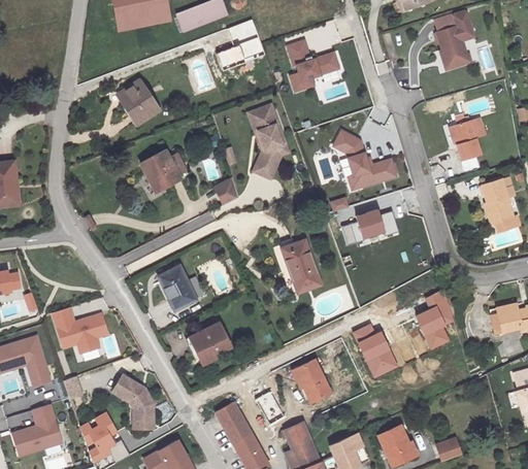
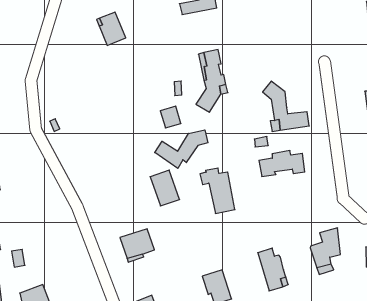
building: [288,40,339,92] -> none
building: [139,145,178,187] -> none
building: none -> [155,130,208,168]
building: [158,272,197,316] -> [150,170,180,206]
building: [51,308,105,354] -> none
building: [113,375,154,421] -> none

